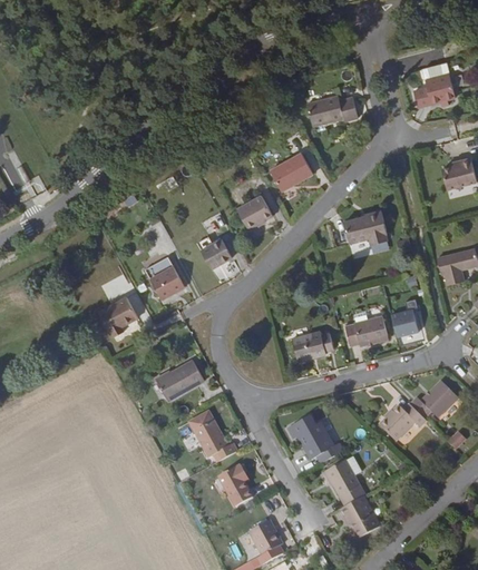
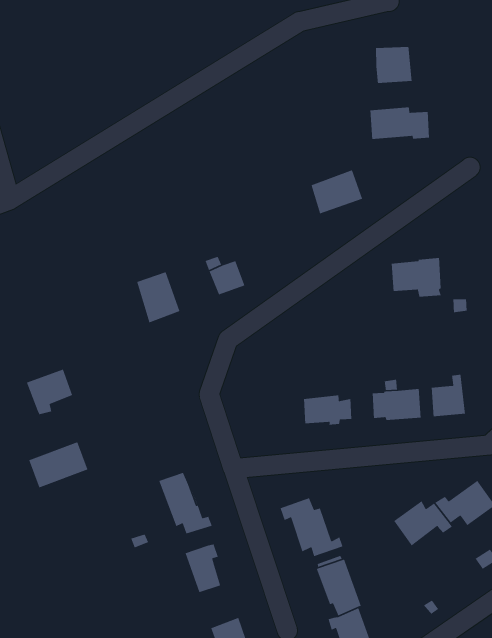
building: none -> [375,46,413,84]
building: [236,195,272,229] -> none
building: [98,296,137,336] -> [26,368,73,415]
building: [156,358,205,401] -> [28,441,89,489]

